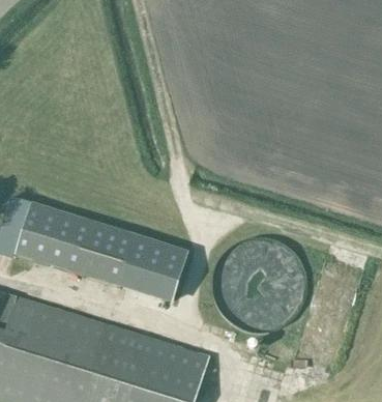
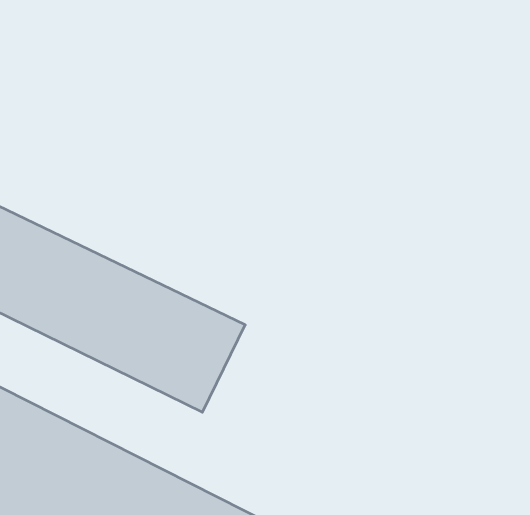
building: [208,236,302,331] -> none

